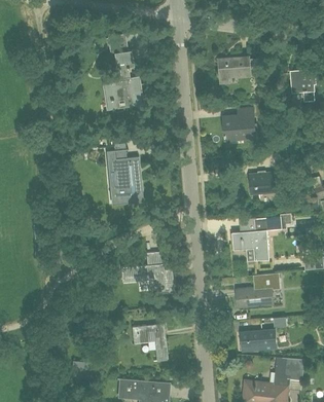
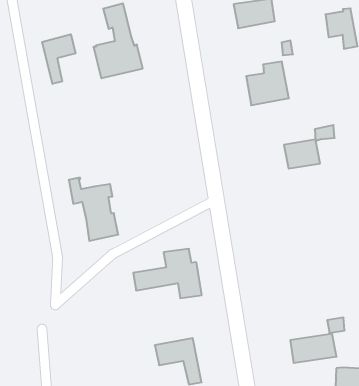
building: none -> [42,34,75,84]
building: [105,150,141,202] -> [69,178,118,241]
building: [231,217,282,261] -> none
building: [238,273,279,306] -> none

